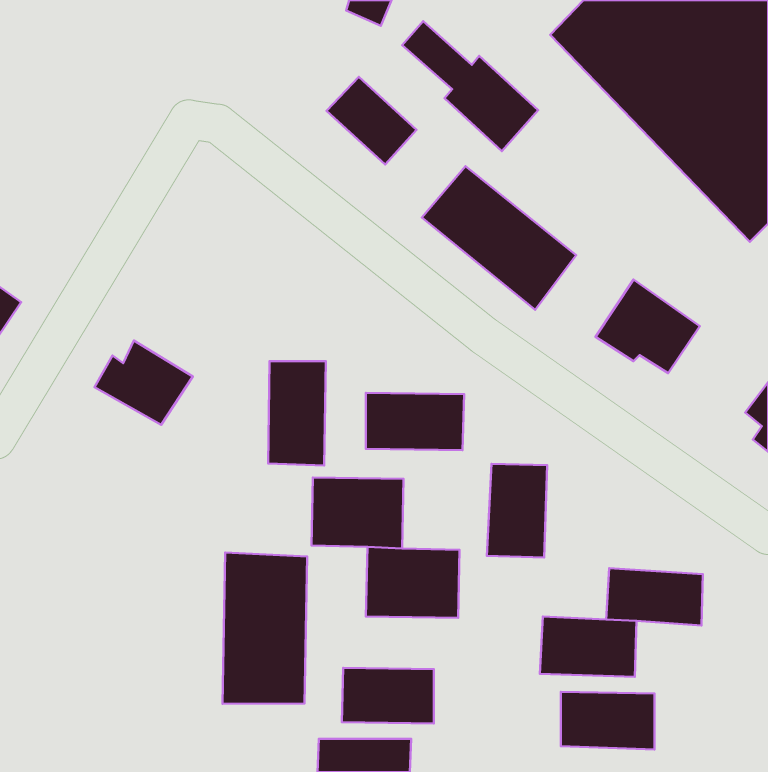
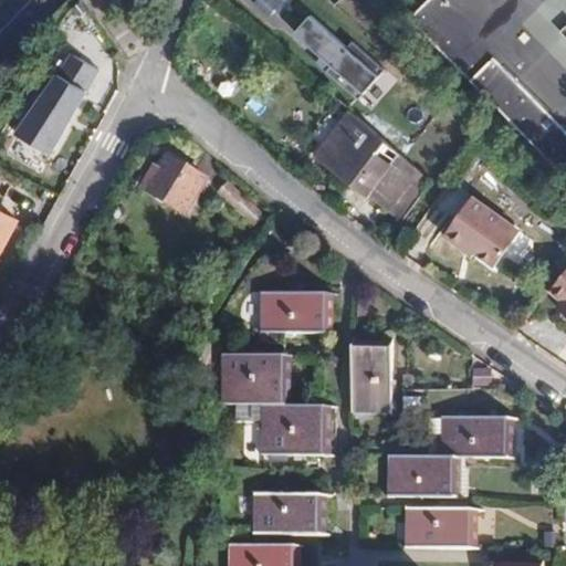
building: none -> [14,53,97,155]
building: [327,77,416,165] -> none
building: [94,340,193,425] -> [129,163,201,224]
building: [268,361,326,465] -> none
building: [223,552,307,704] -> none

